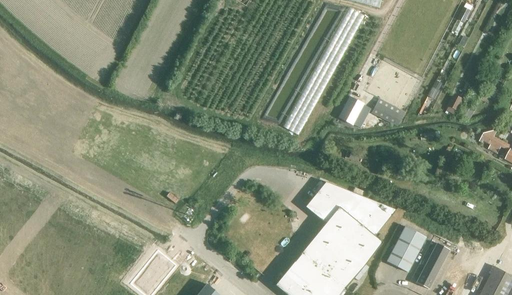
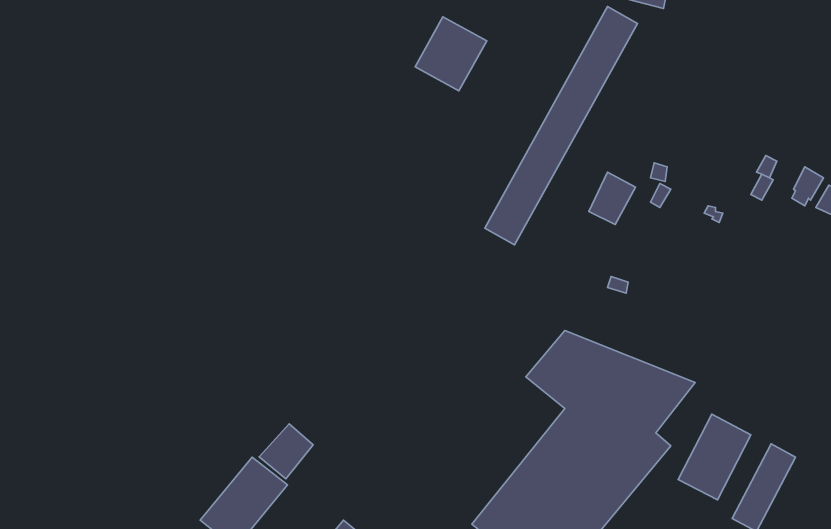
building: none -> [415,17,487,91]
building: none -> [259,424,313,479]

